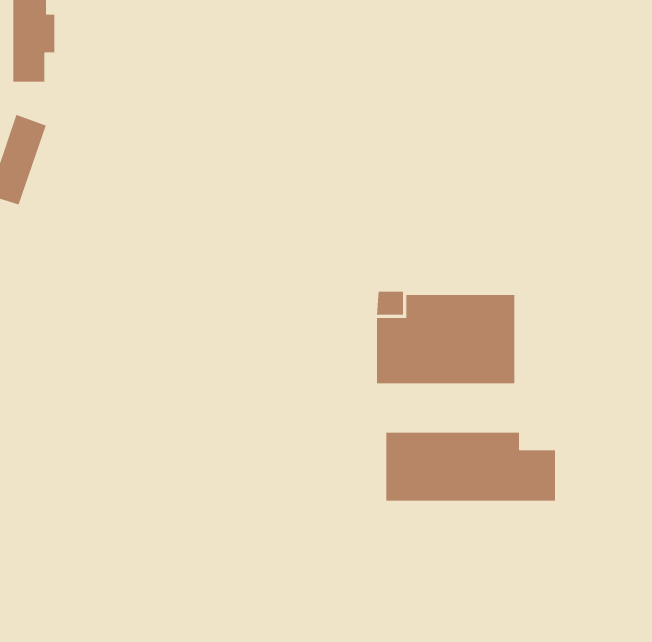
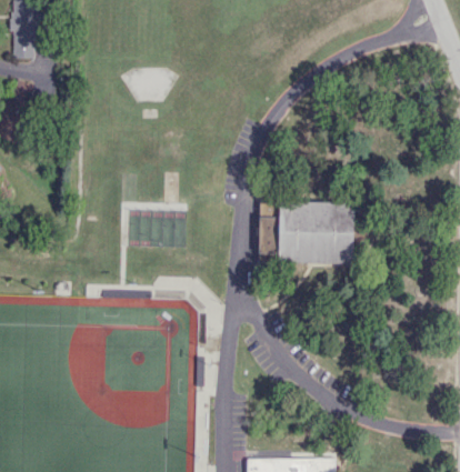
building: [386,432,556,501] -> none

